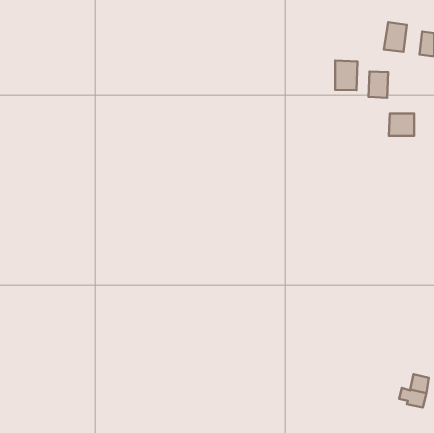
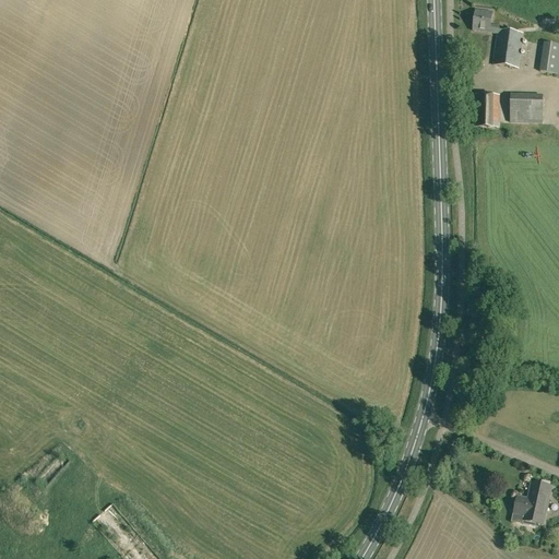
building: none -> [473,8,499,32]
building: [335,61,357,90] -> none
building: [389,114,414,136] -> [510,93,543,121]

